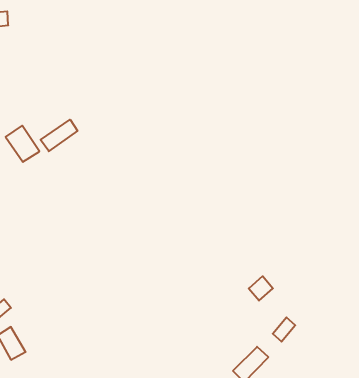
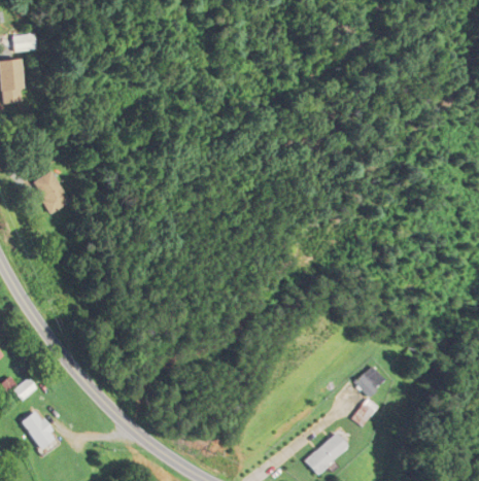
building: [41,120,77,151] -> none
building: [249,276,273,301] -> [356,367,385,396]

